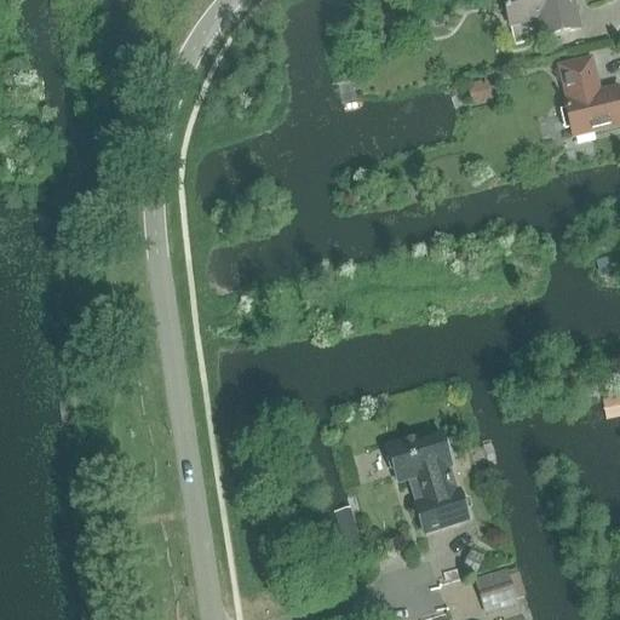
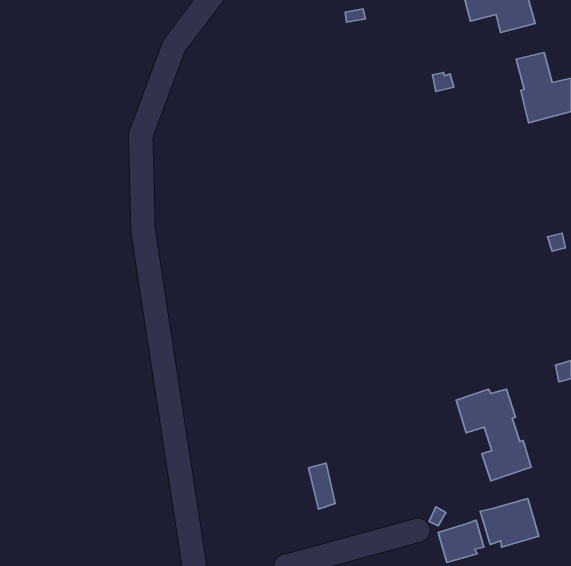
building: [386,432,467,532] -> [456,389,531,481]
building: none -> [480,498,539,547]

